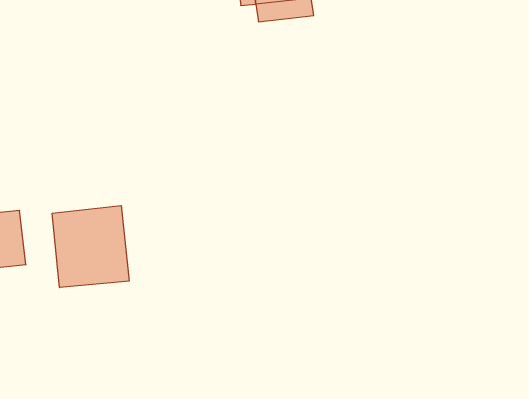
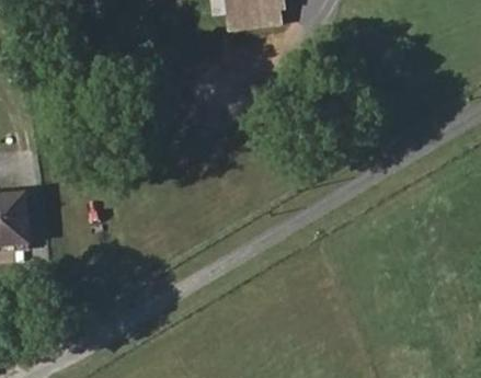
building: [52,206,129,288] -> none

